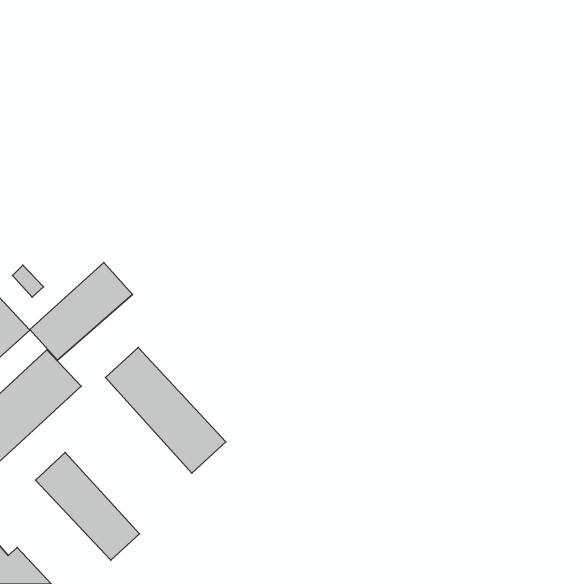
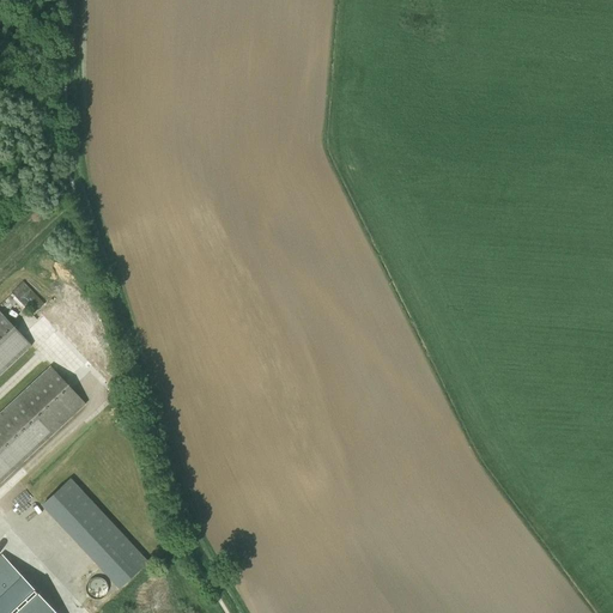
building: [30,262,133,360] -> none
building: [106,348,226,473] -> none

